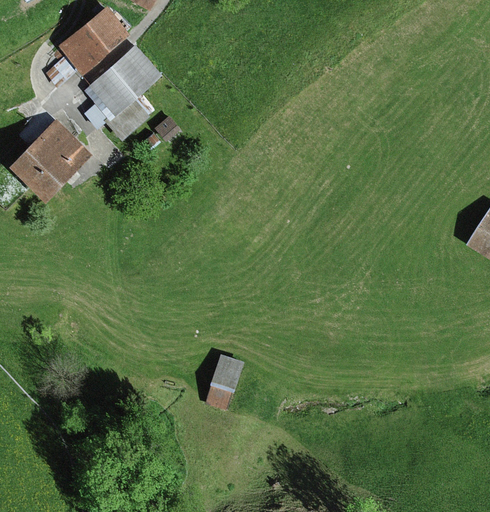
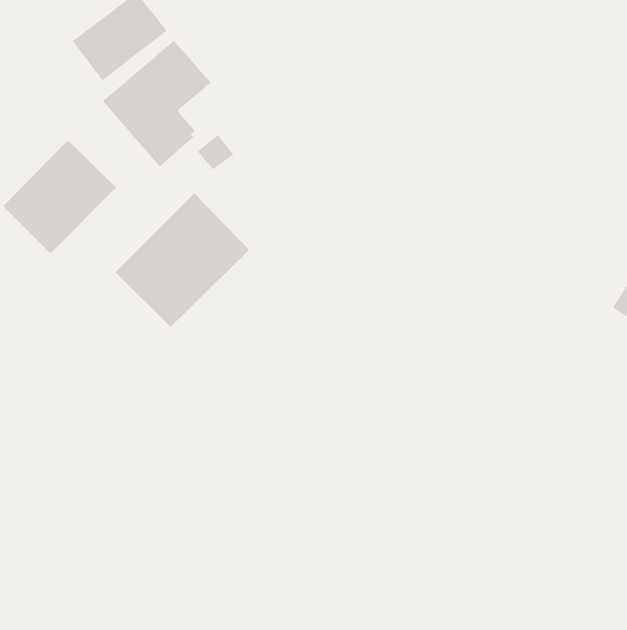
building: none -> [115,193,250,328]
building: [205,354,243,410] -> none

